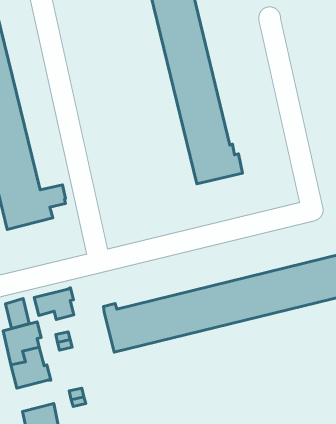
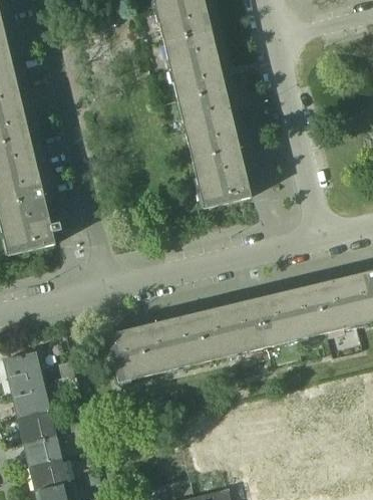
building: [34,288,74,320] -> none
building: [5,299,29,329] -> none
building: none -> [19,410,57,442]

